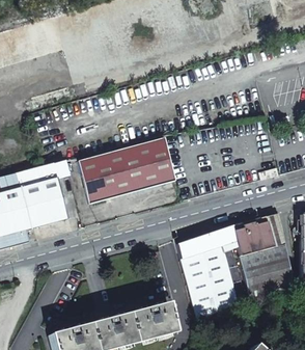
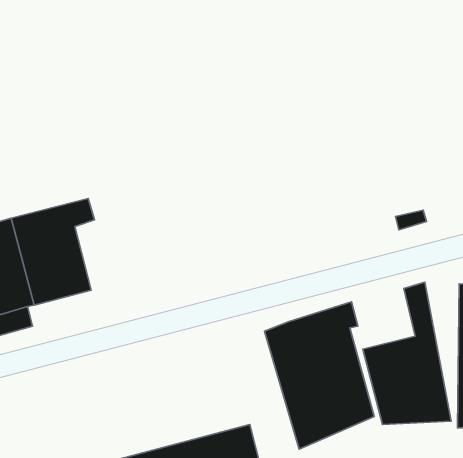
building: [80,136,177,201] -> none
building: [233,216,274,254] -> none

